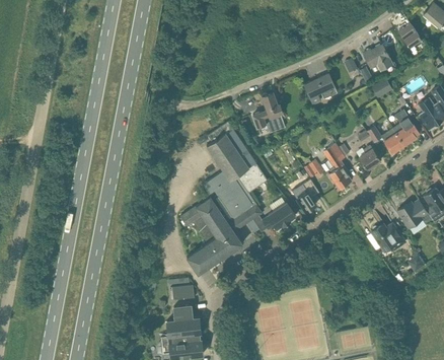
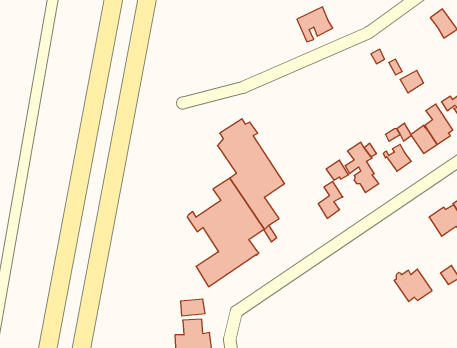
building: [363,45,391,69] -> none
building: [304,73,337,104] -> [297,7,333,42]
building: [251,92,283,129] -> none
building: [262,203,294,229] -> none
building: [370,222,404,251] -> [394,269,432,302]

